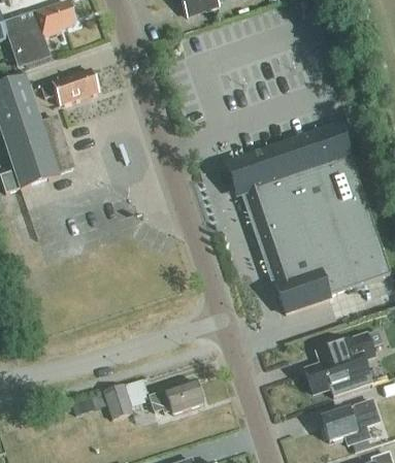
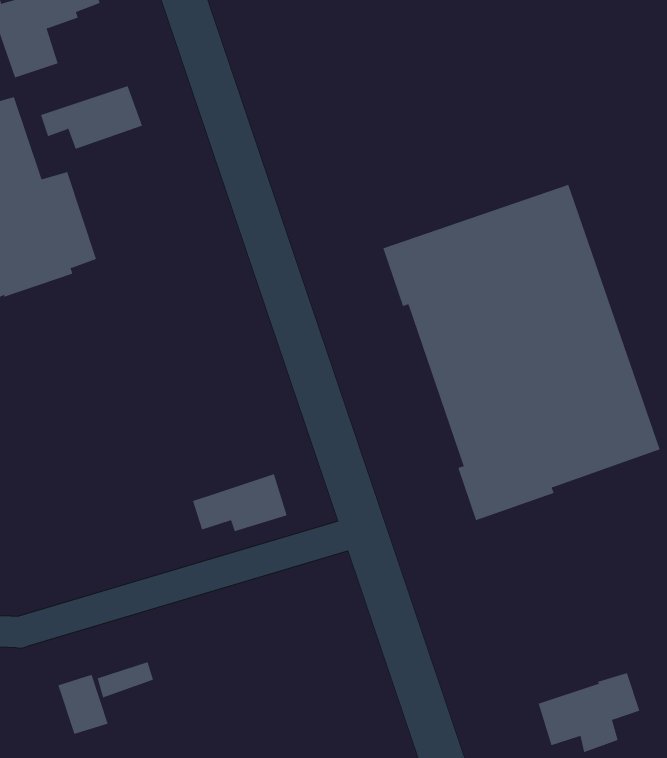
building: [305,329,382,396] -> none
building: [149,378,202,411] -> [192,473,287,532]
building: [103,384,132,418] -> [57,674,109,735]

